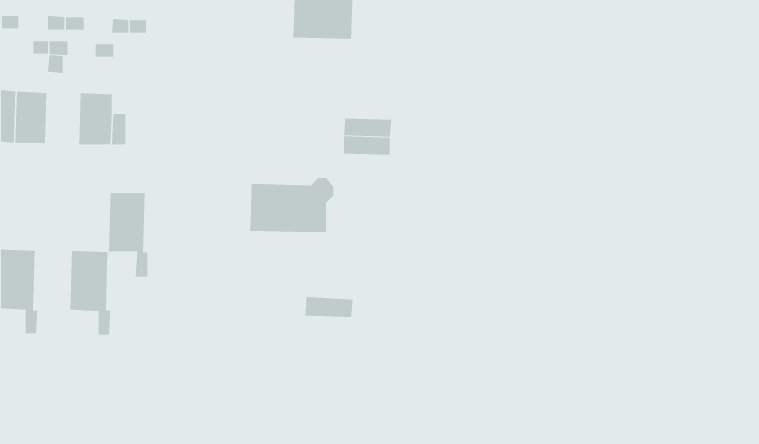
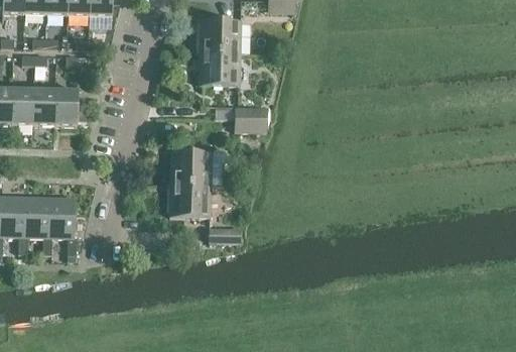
building: none -> [198,51,239,85]
building: none -> [31,89,54,124]
building: [108,192,148,277] -> [23,196,50,253]
building: none -> [168,183,210,216]

